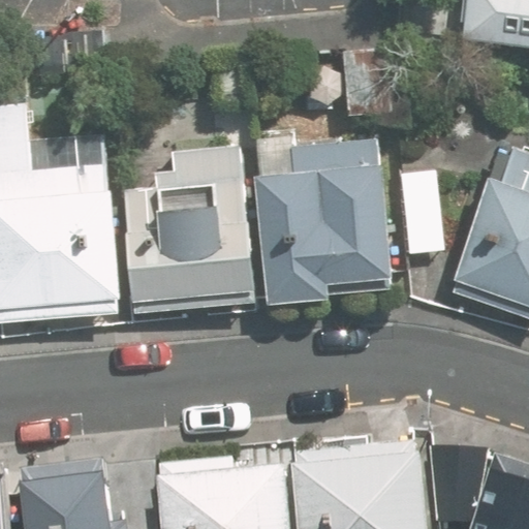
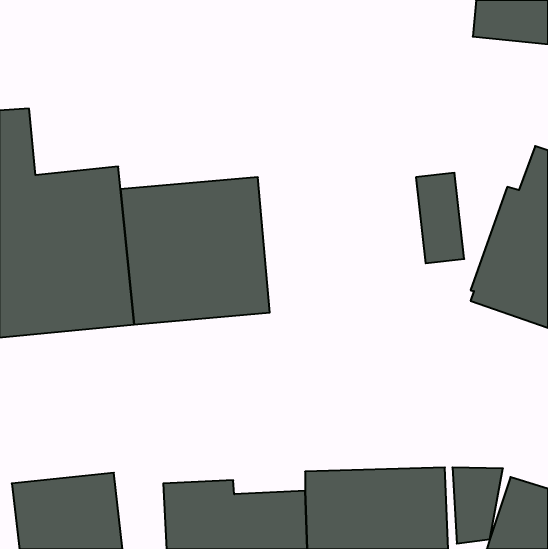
building: [248,130,397,301] -> none

